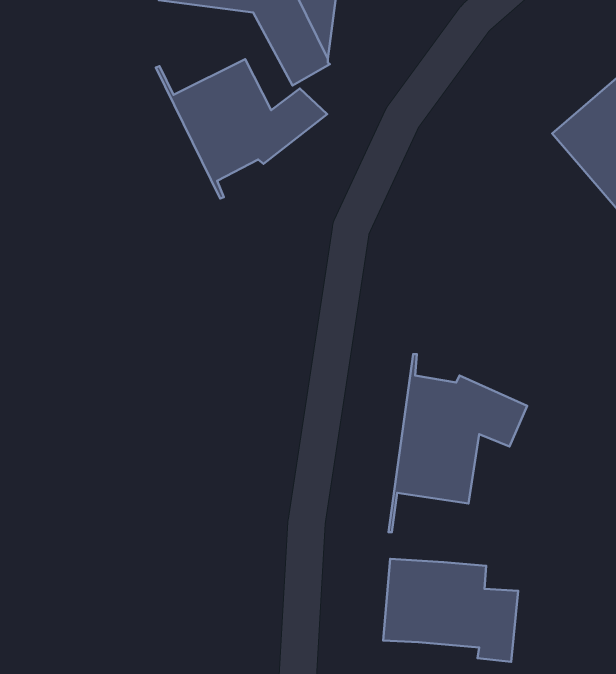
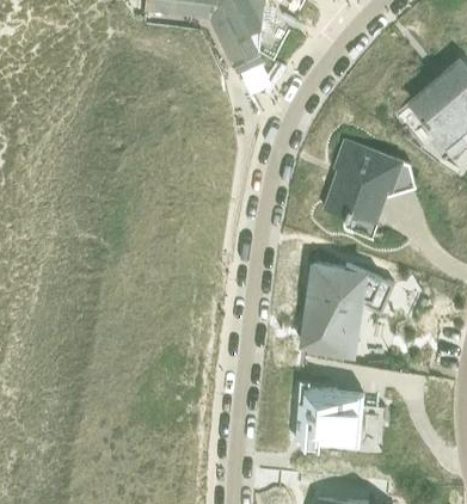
building: [156,59,327,198] -> none
building: none -> [322,142,414,240]

